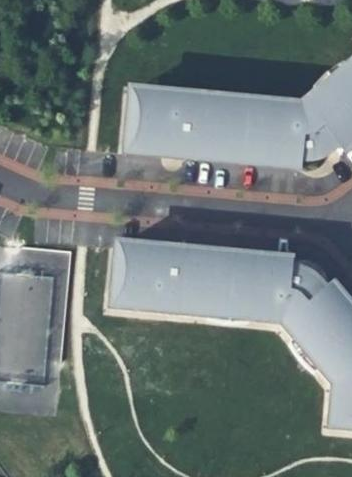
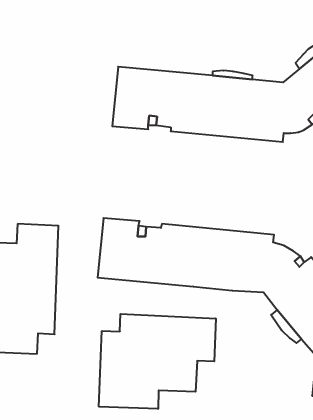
building: none -> [99,314,216,409]

